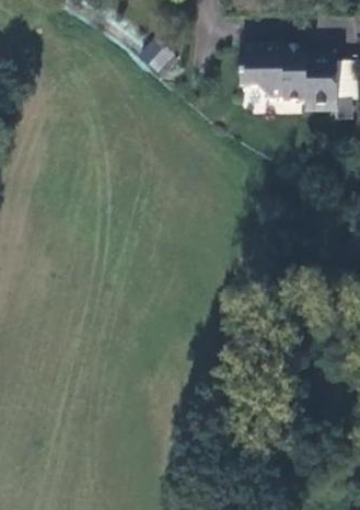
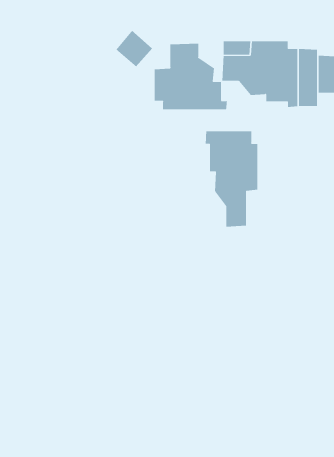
building: none -> [154,43,228,110]
building: none -> [205,131,258,227]

